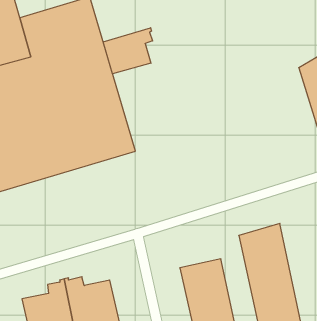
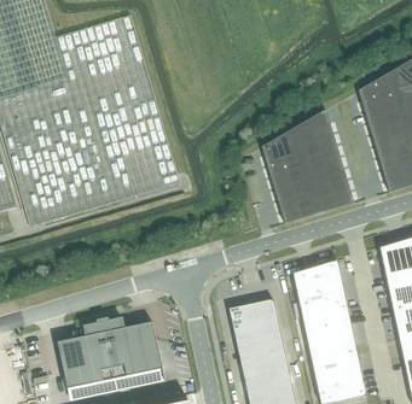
building: [103,28,153,74] -> none
building: none -> [261,110,354,224]

